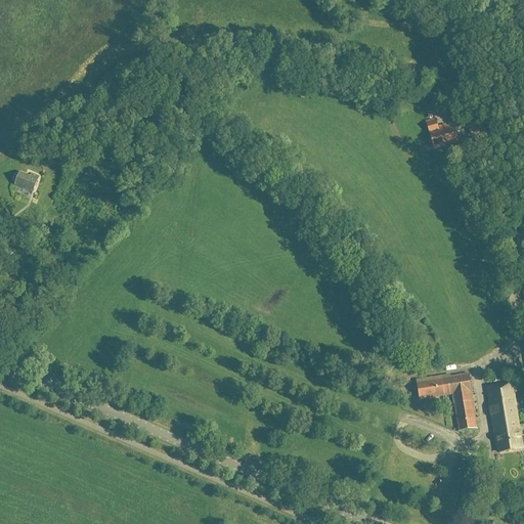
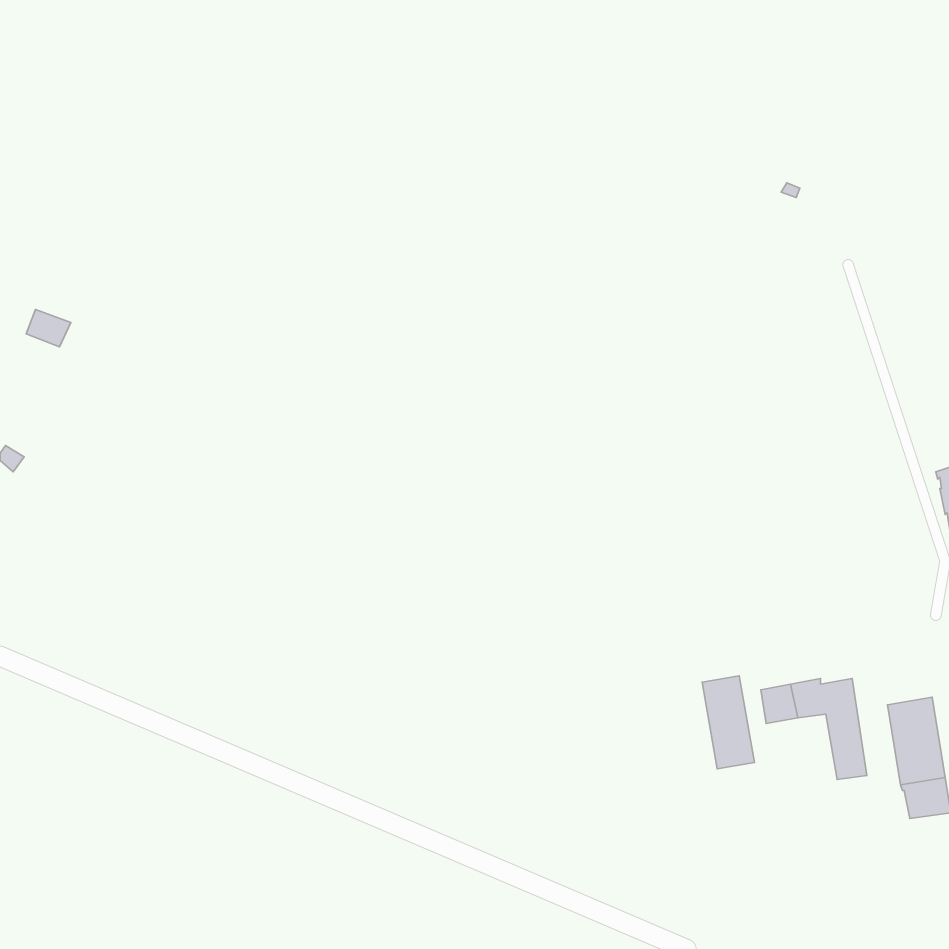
building: [428,122,457,146] -> none
building: none -> [702,676,755,769]

